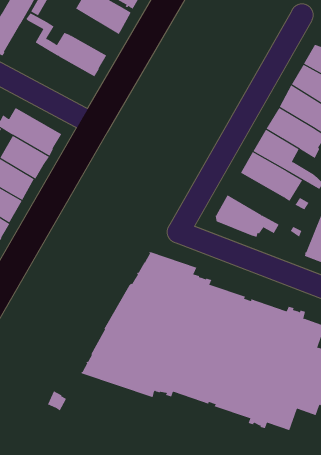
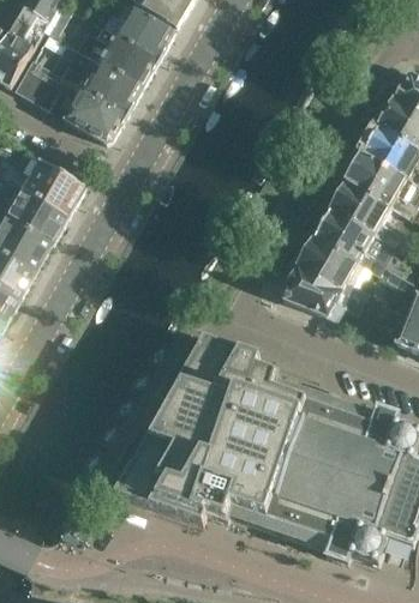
building: none -> [76,25,158,85]
building: none -> [14,58,127,143]
building: none -> [297,235,370,301]

